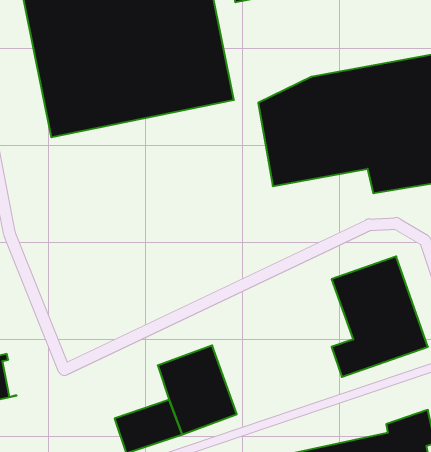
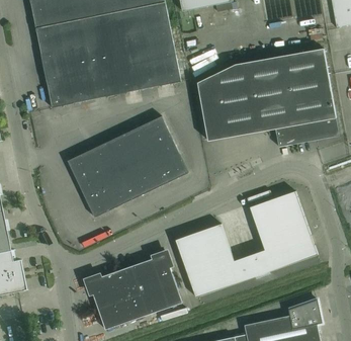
building: none -> [67,115,188,217]
building: none -> [175,223,256,296]
building: none -> [89,267,135,305]

